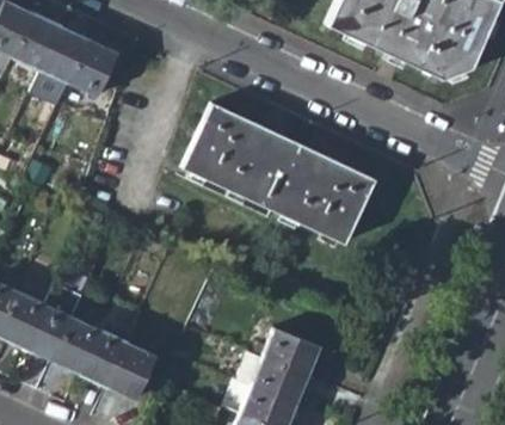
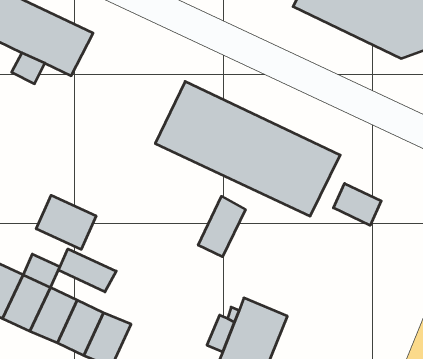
building: none -> [333,183,381,225]
building: none -> [36,195,96,249]
building: none -> [198,196,245,257]
building: none -> [58,249,116,292]

